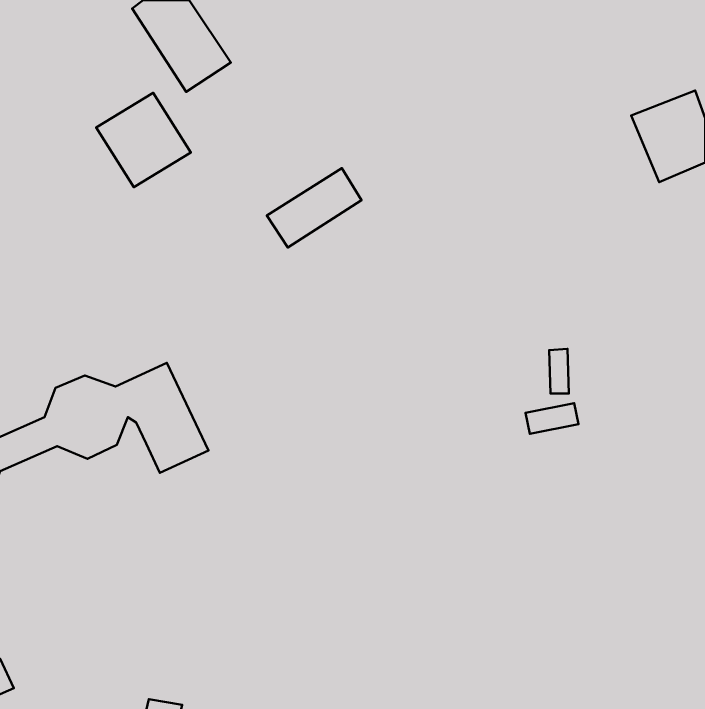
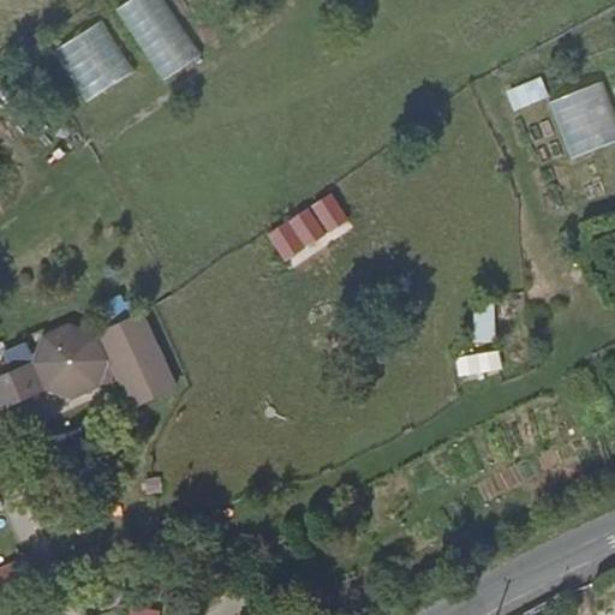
building: [96,93,191,187] -> [52,19,133,101]
building: [267,168,361,248] -> [265,192,347,261]

